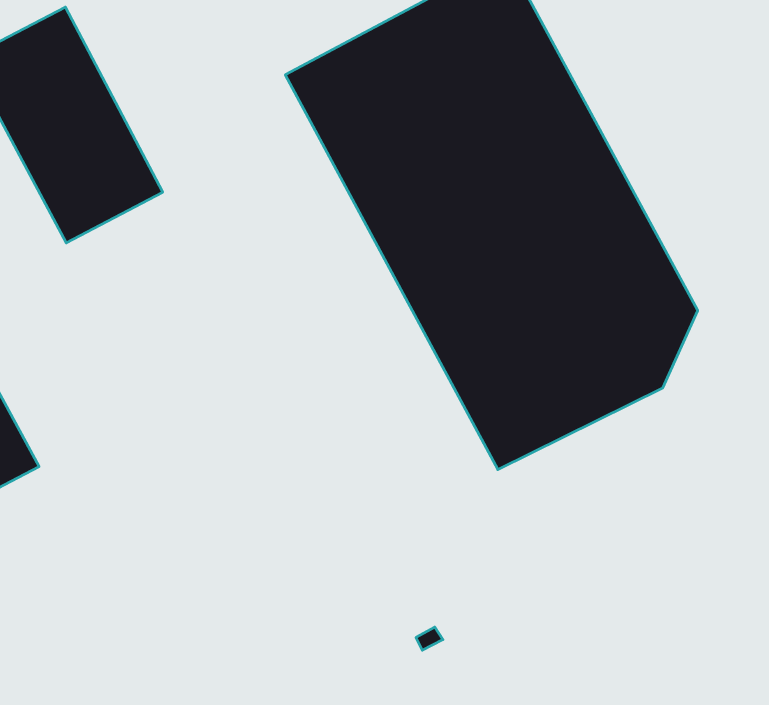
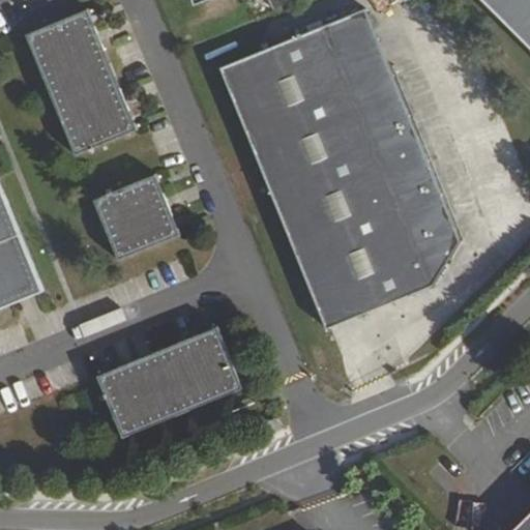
building: none -> [91,174,180,261]
building: none -> [94,328,240,438]

